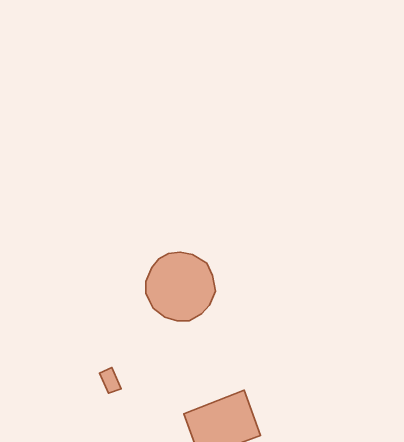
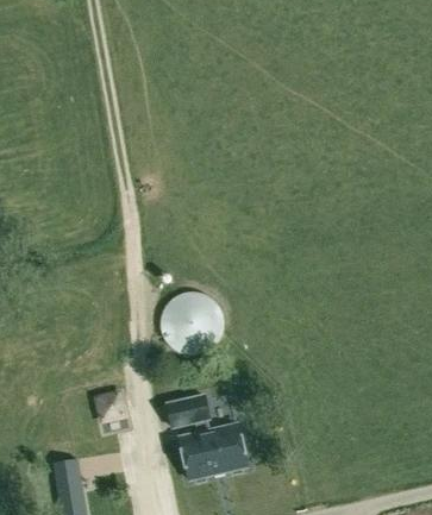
building: none -> [167,396,209,428]

